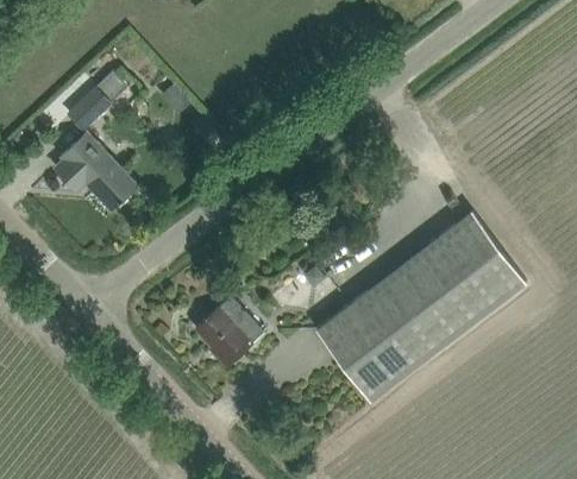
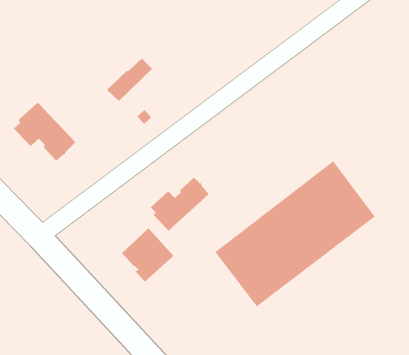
building: [67,73,127,130] -> [106,58,153,102]
building: none -> [150,177,210,231]

